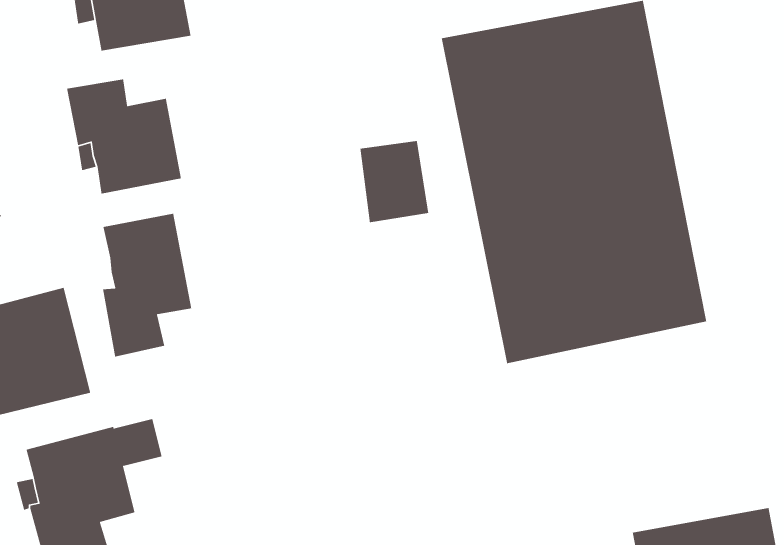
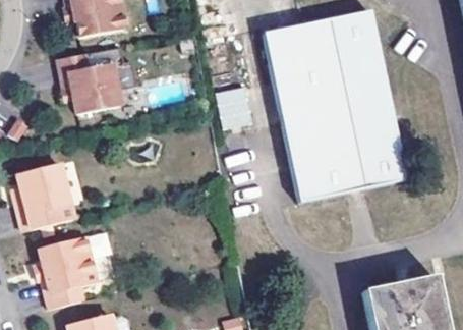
building: [102,213,192,357] -> none

